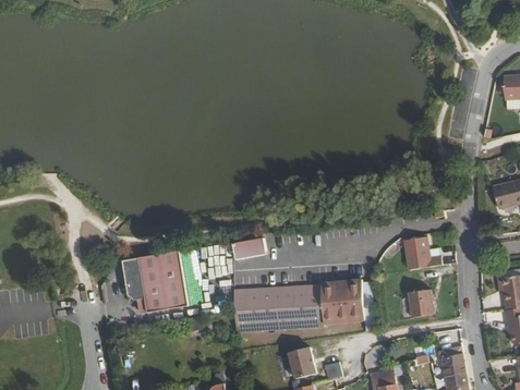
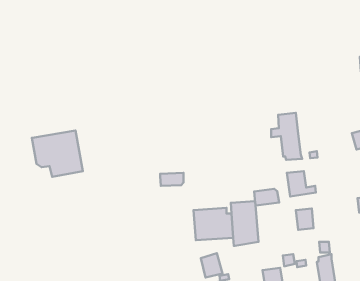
building: none -> [271,113,302,160]
building: [119,251,188,313] -> [32,131,83,177]
building: none -> [254,189,279,206]
building: [233,288,279,331] -> none

